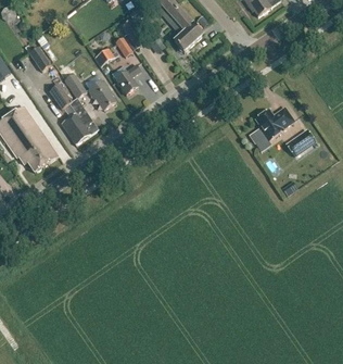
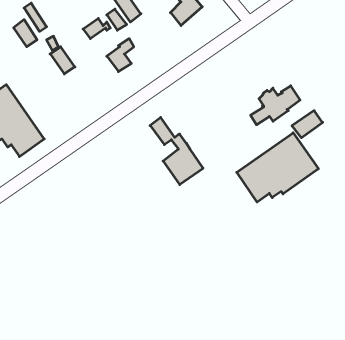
building: [87,80,115,111] -> none
building: [49,84,98,146] -> [150,117,203,185]
building: none -> [237,133,318,202]

